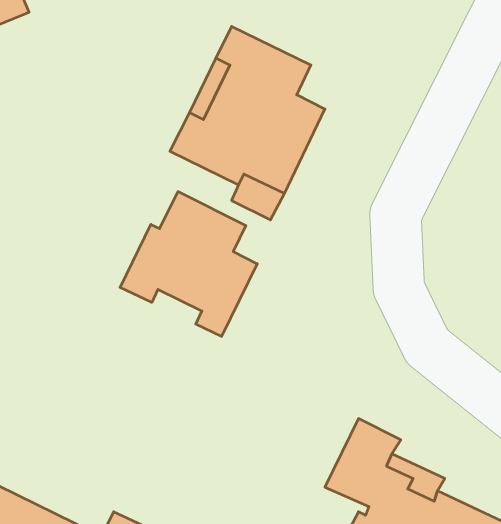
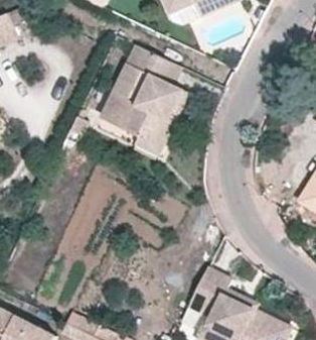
building: [120,192,257,336] -> none

